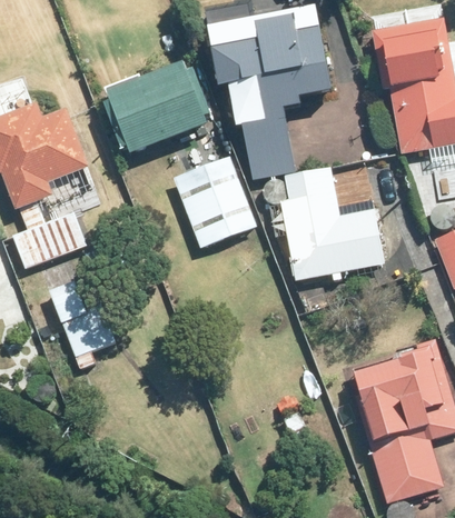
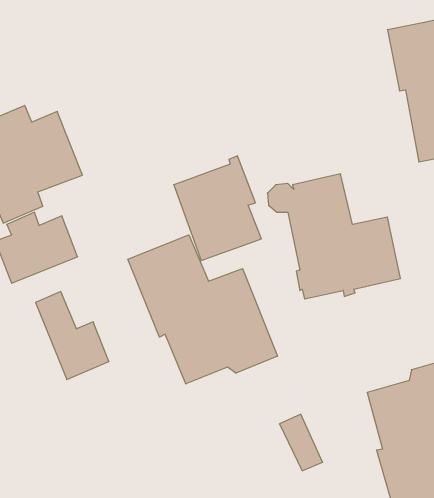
building: [212,22,335,177] -> none
building: [102,64,212,158] -> none
building: none -> [128,235,277,384]

